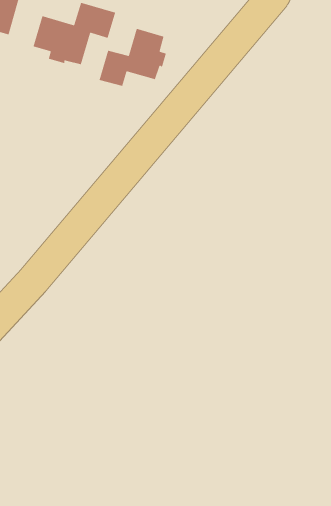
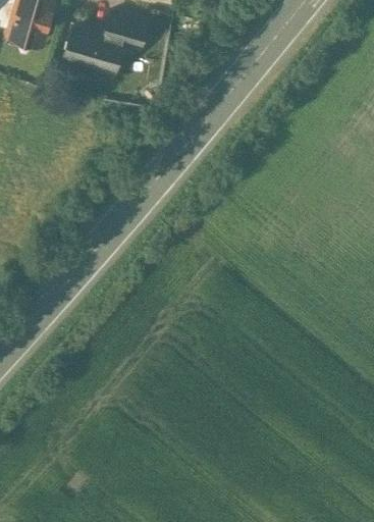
building: [99,28,167,87] -> none

